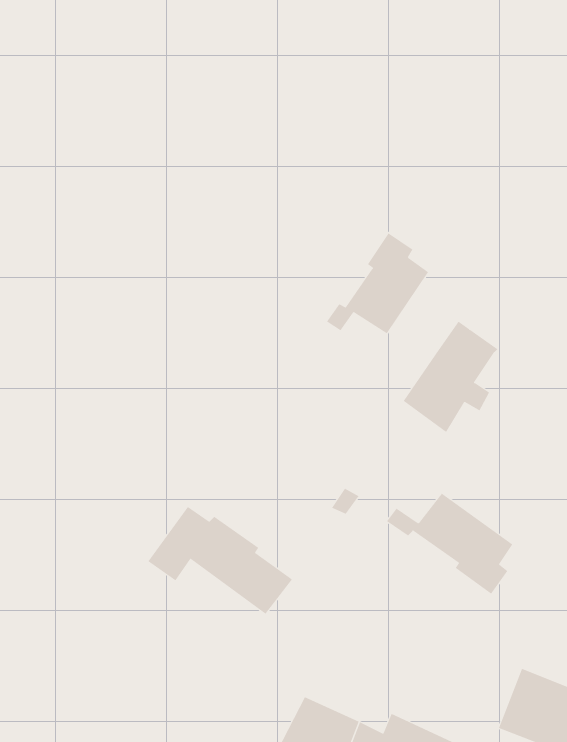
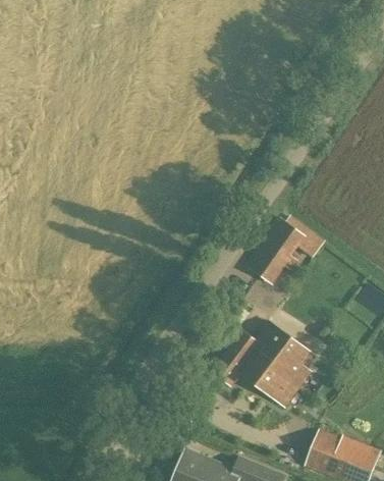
building: [326,232,429,334] -> none
building: [147,506,293,615] -> [215,340,304,407]

